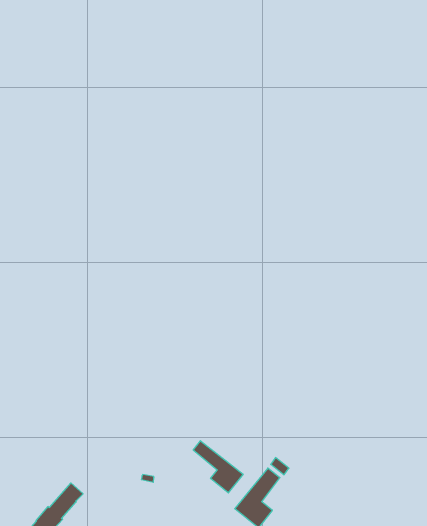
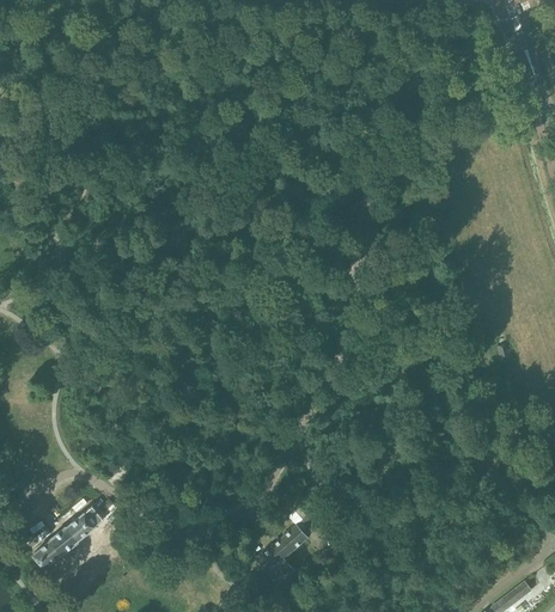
building: [193,441,243,493] -> none

